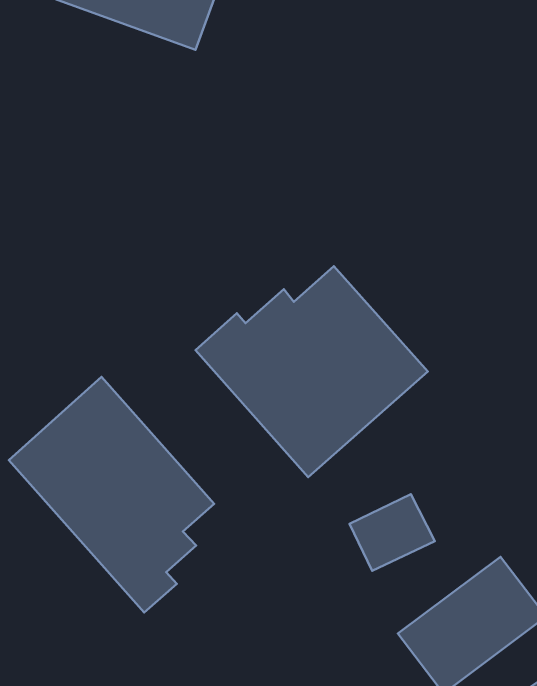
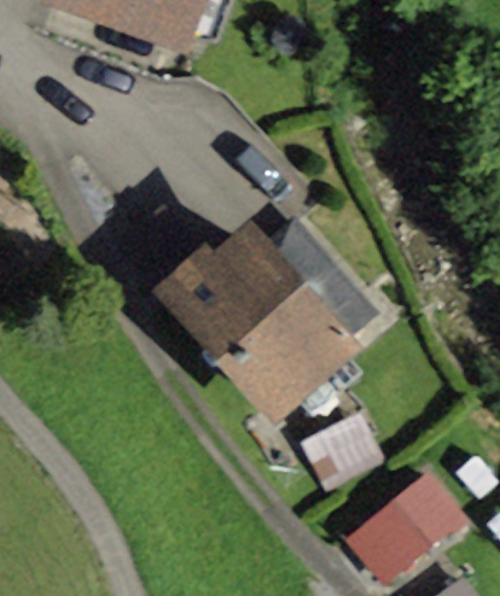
building: [9,377,214,613] -> none

